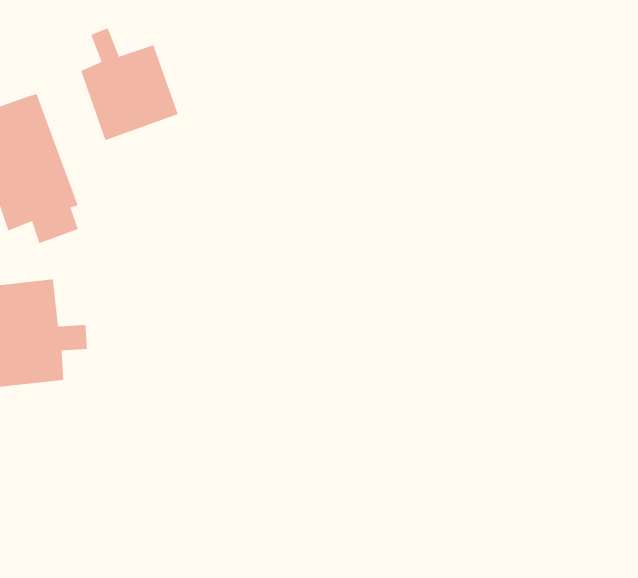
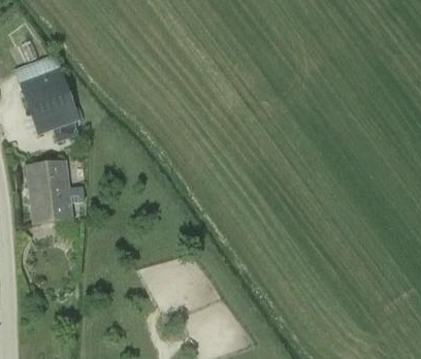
building: [80,27,179,141] -> none

